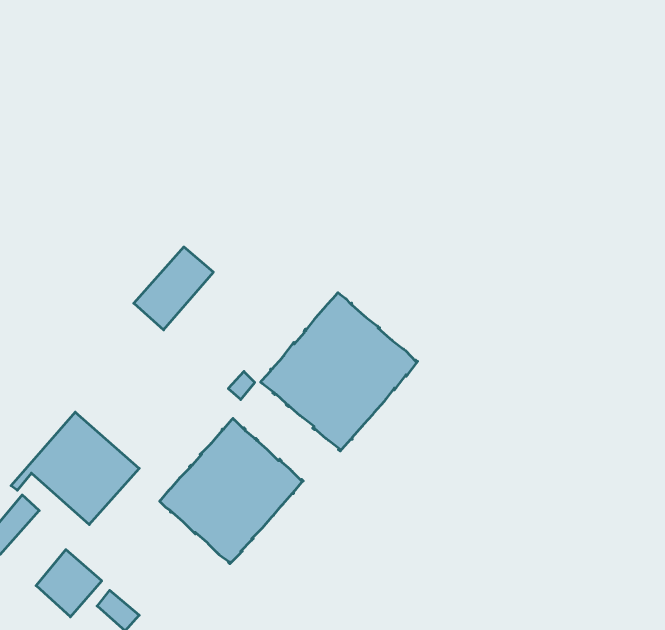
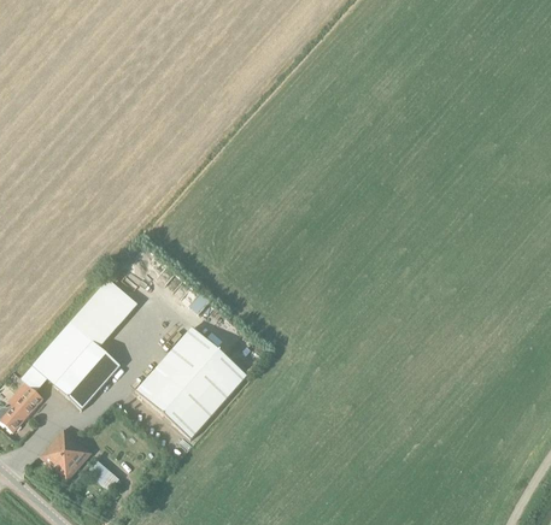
building: [134,247,213,330] -> [71,278,133,342]
building: [261,293,418,451] -> none

